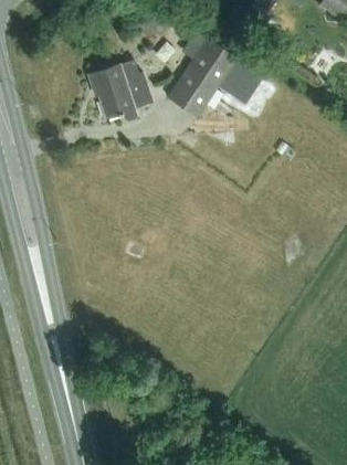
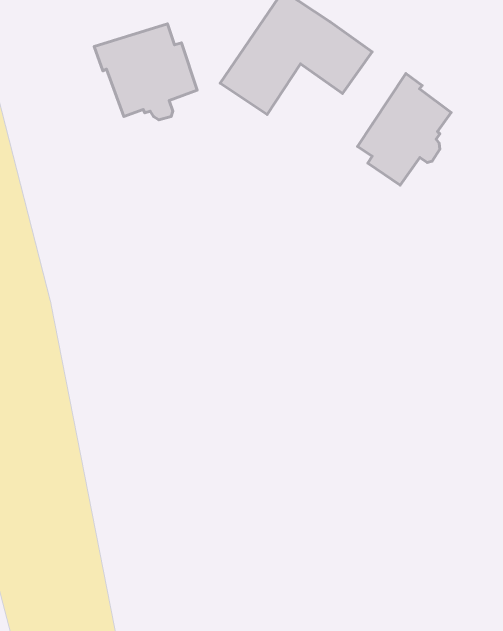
building: none -> [358,73,451,185]

